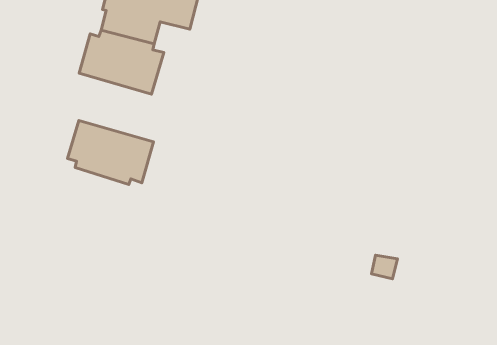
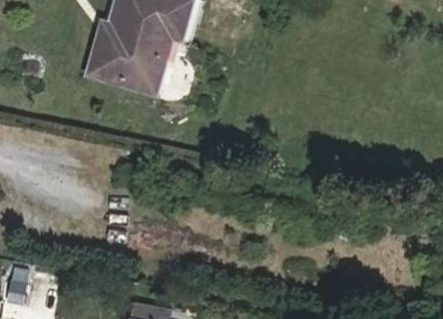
building: [67,120,153,185] -> none

